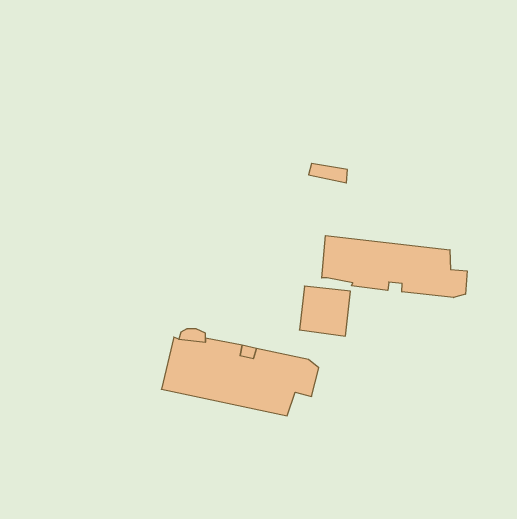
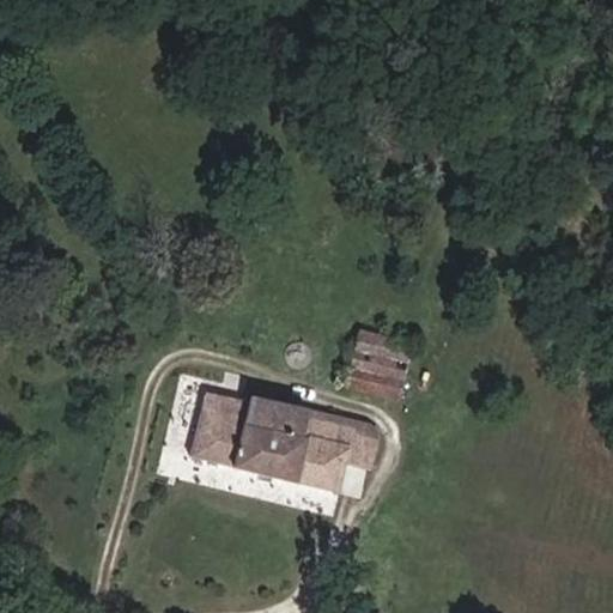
building: [322,236,467,298] -> none

